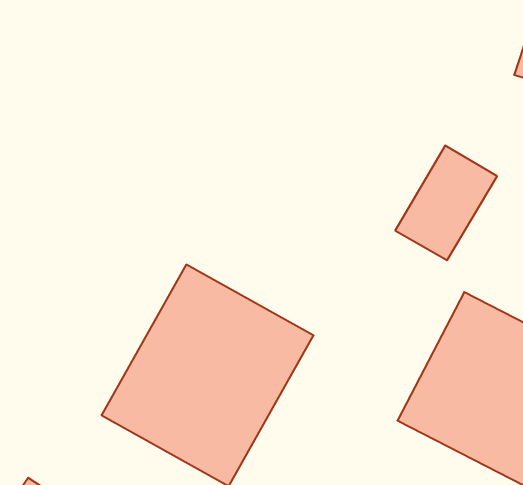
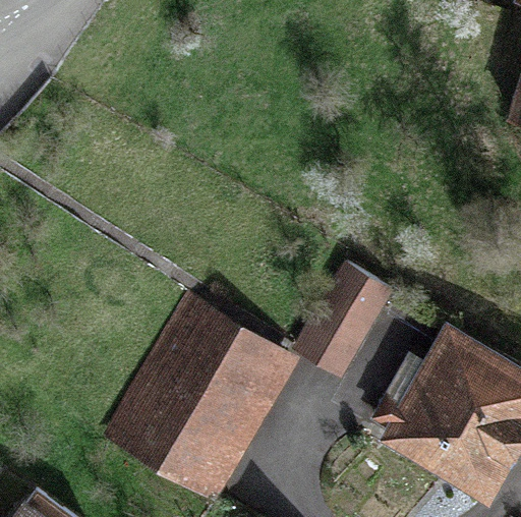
building: [395,146,497,260] -> [293,260,391,369]

